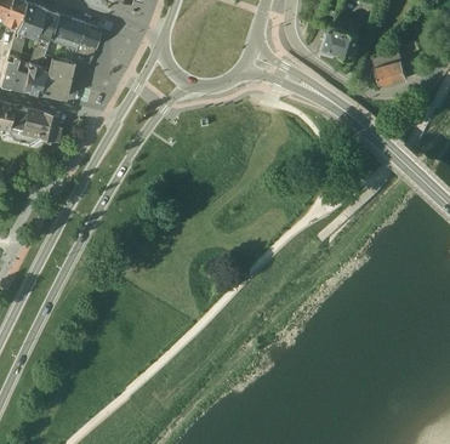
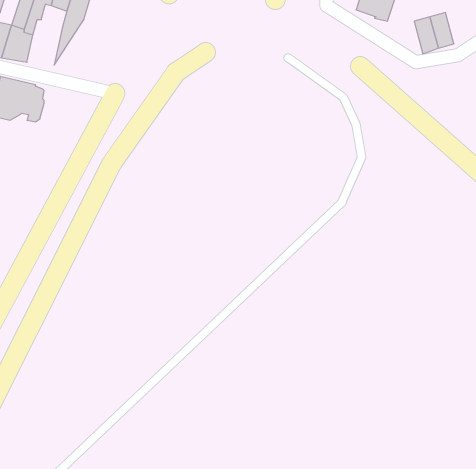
building: [42,57,73,97] -> none

